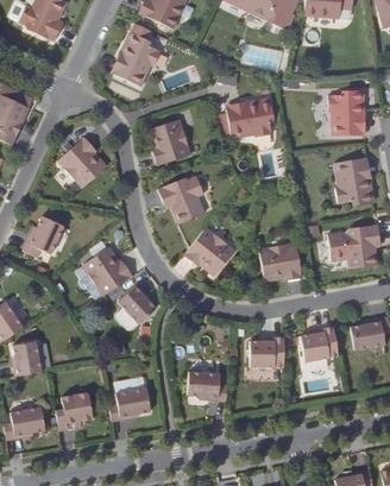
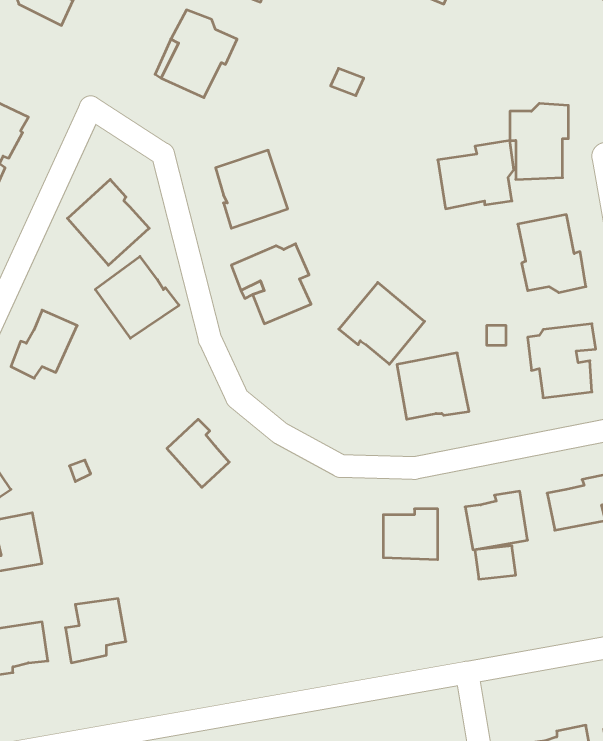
building: [226,97,272,139] -> [438,140,514,209]
building: [183,226,235,276] -> [339,282,425,364]
building: [81,244,132,294] -> [95,256,179,338]
building: [185,370,227,400] -> none
building: [109,386,151,421] -> none

